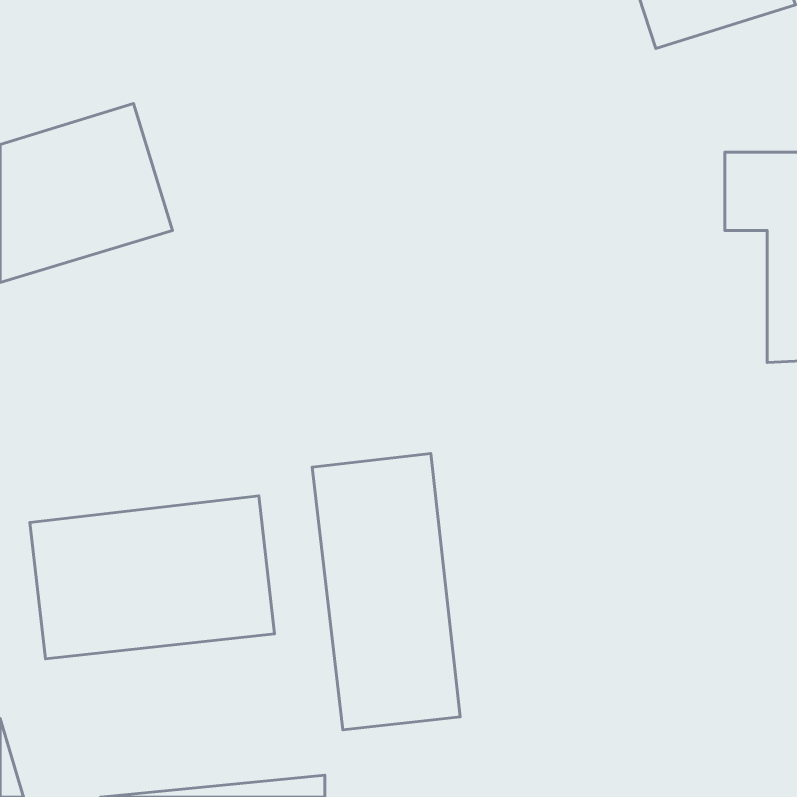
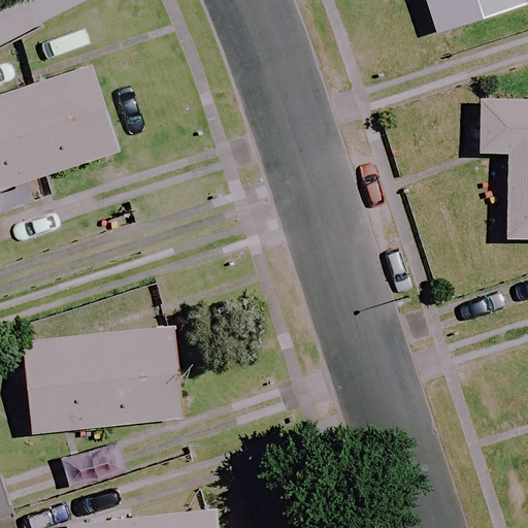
building: [312,454,460,730] -> none

